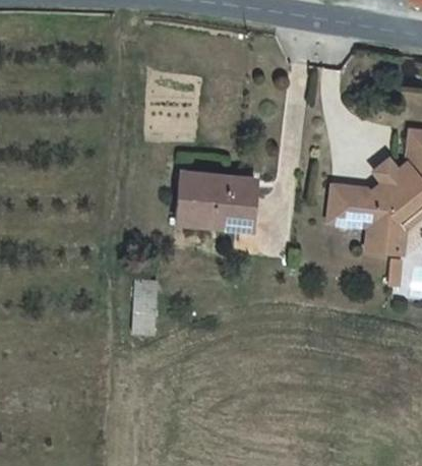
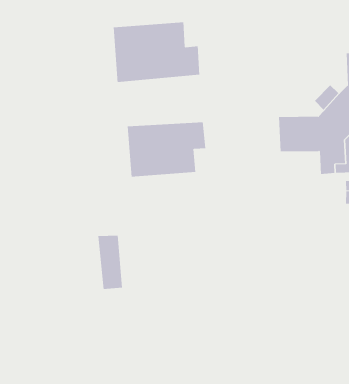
building: none -> [113,21,200,83]

